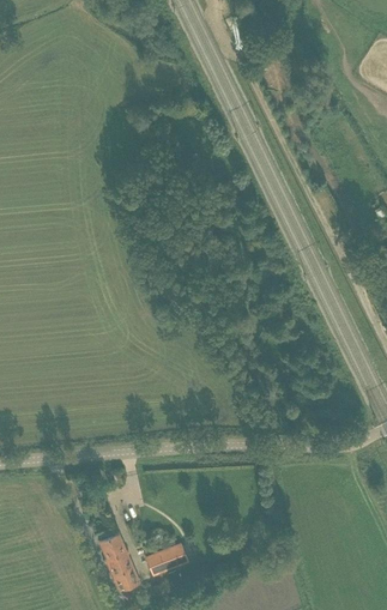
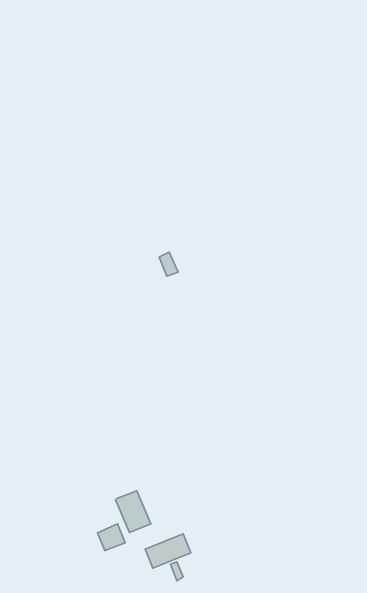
building: [105,551,139,591] -> [116,491,151,533]

